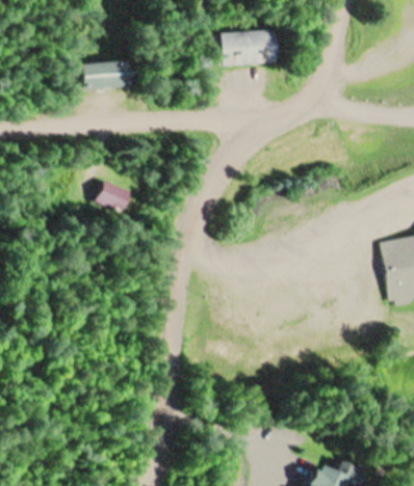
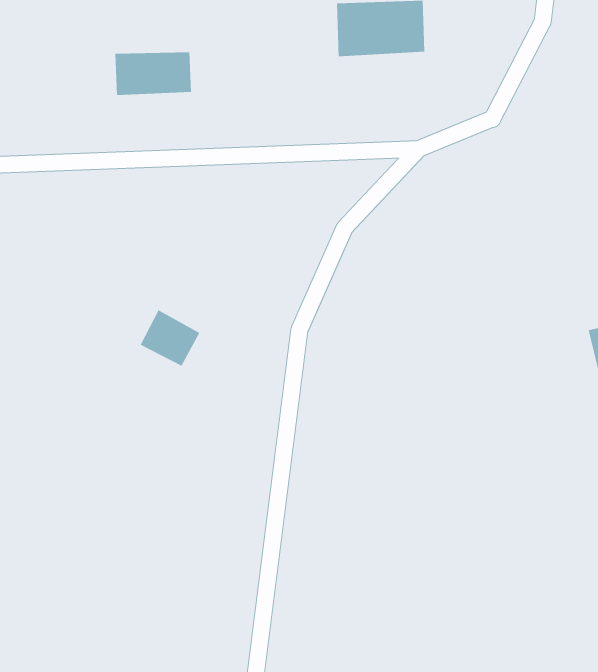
building: [100,180,137,215] -> [140,309,200,366]

